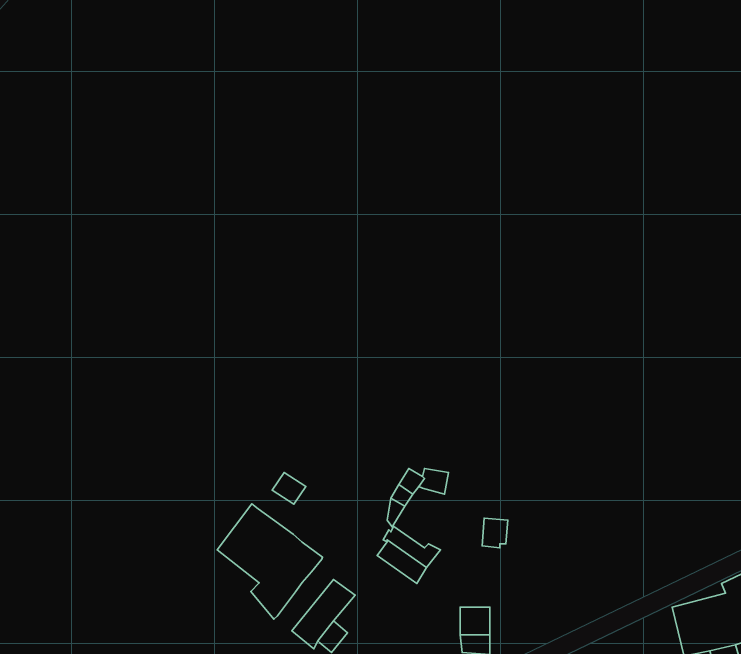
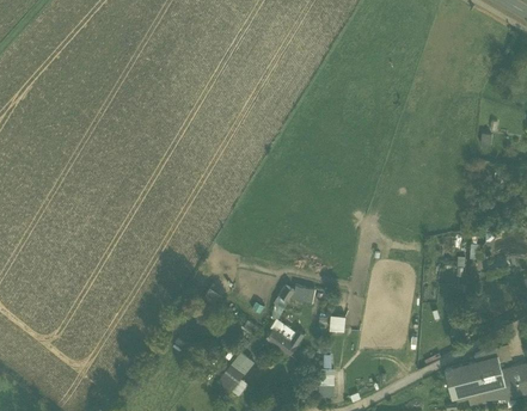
building: [217,504,323,619] -> none

